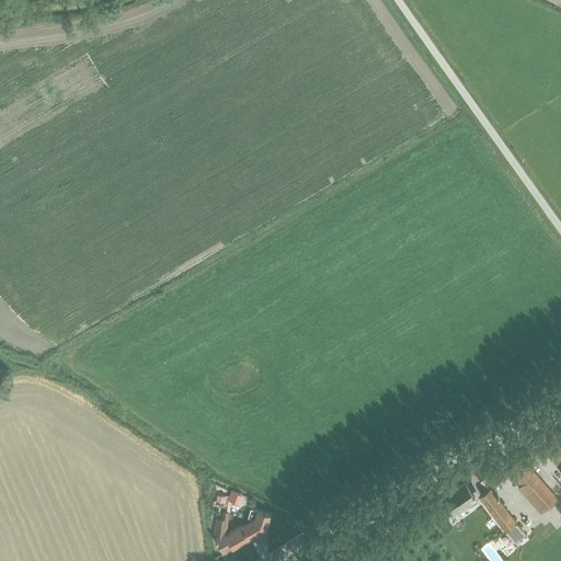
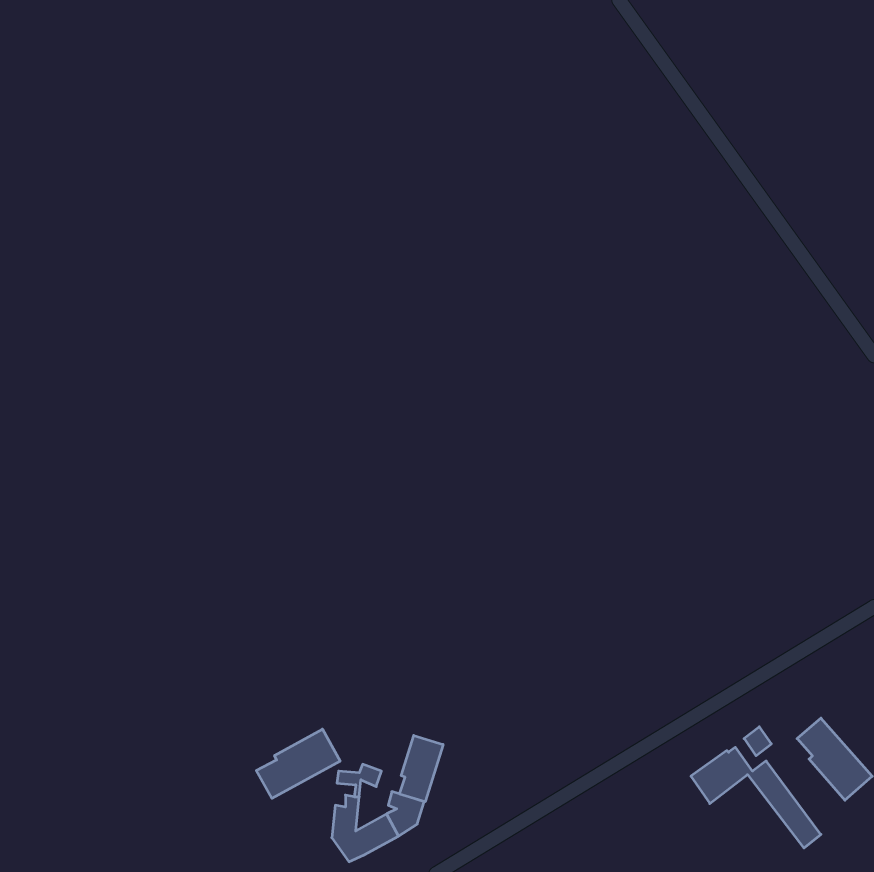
building: none -> [256,729,340,798]
building: none -> [400,735,443,802]

